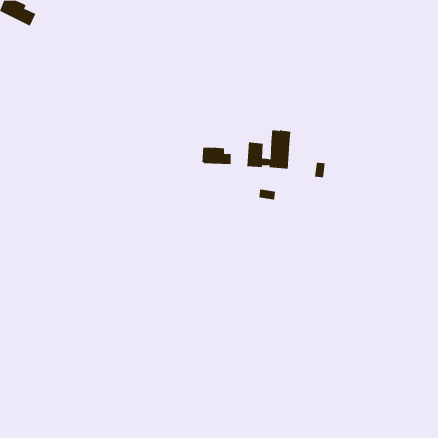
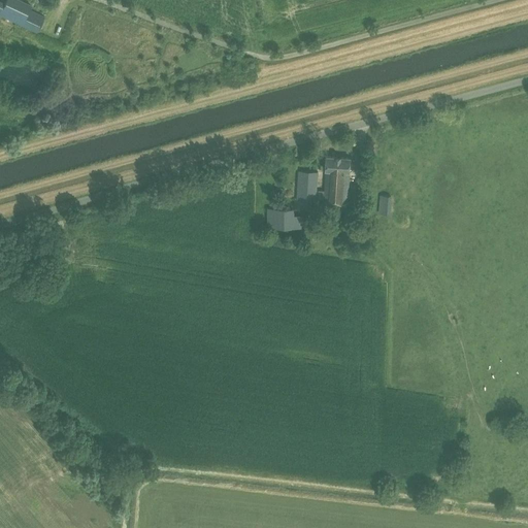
building: [202,147,232,164] -> [265,208,301,229]

